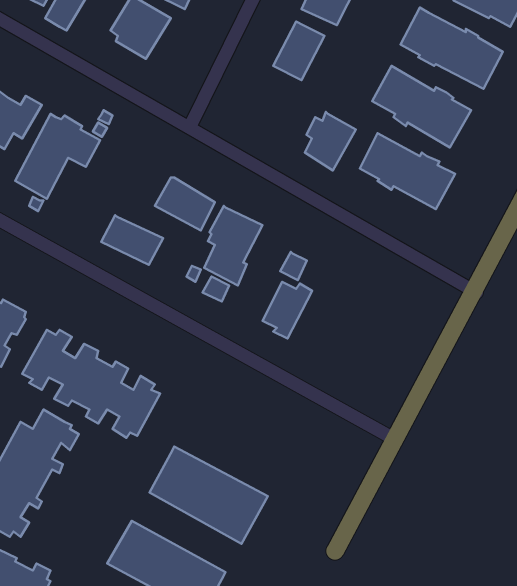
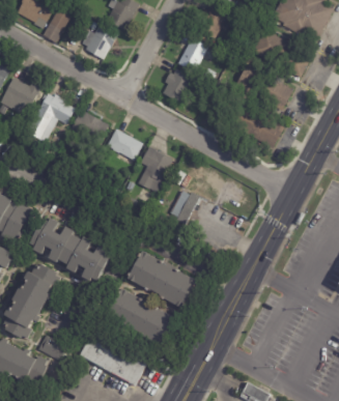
building: [305,112,356,170] -> [162,69,192,104]
building: [101,215,163,265] -> [70,110,107,139]
building: none -> [124,249,194,307]
building: none -> [37,335,65,361]

